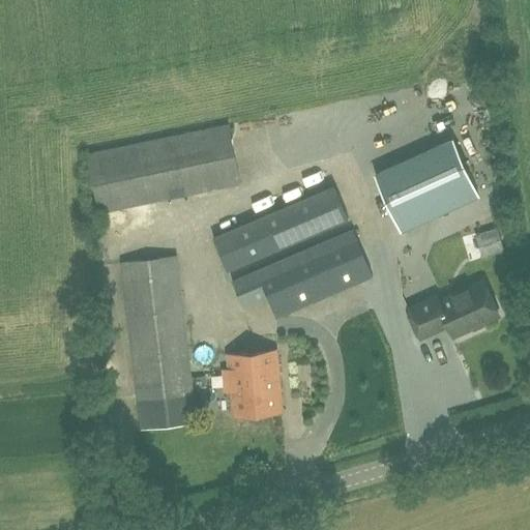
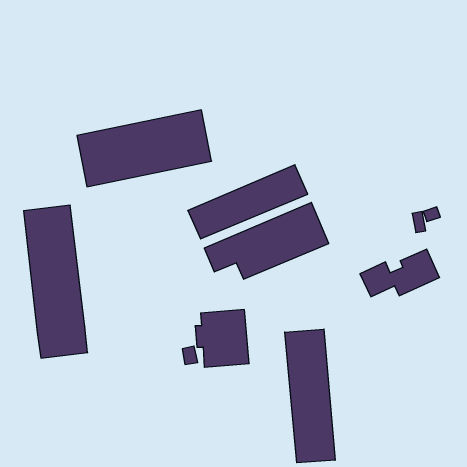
building: [375,141,478,232] -> none
building: [122,257,195,430] -> [24,205,88,358]
building: none -> [285,329,335,463]

